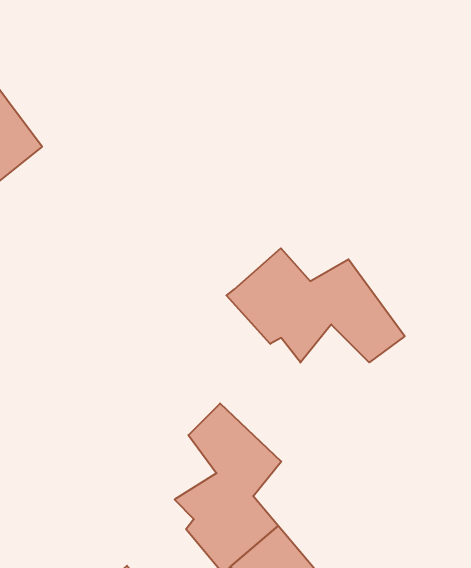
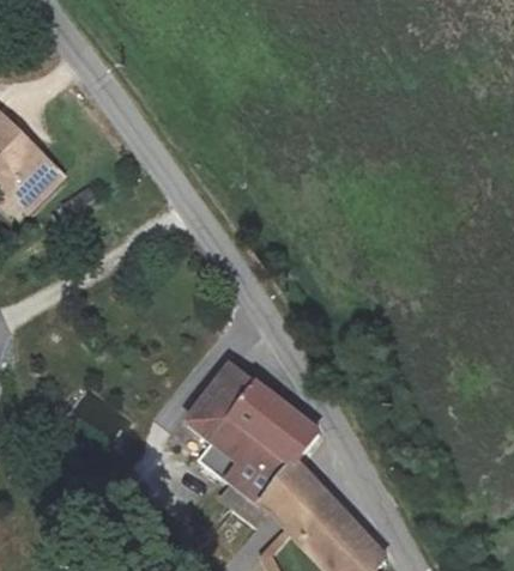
building: [226,248,405,363] -> none
building: none -> [185,365,258,476]

